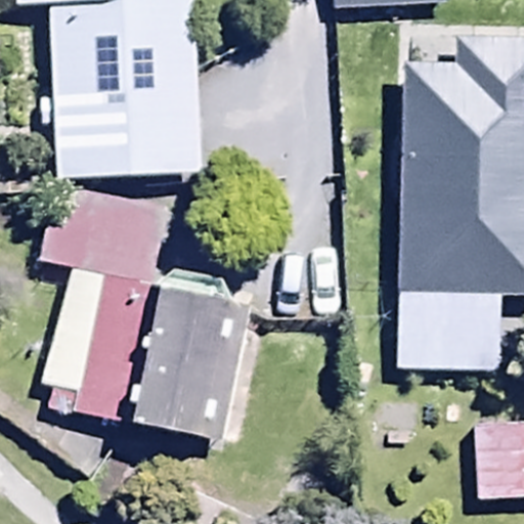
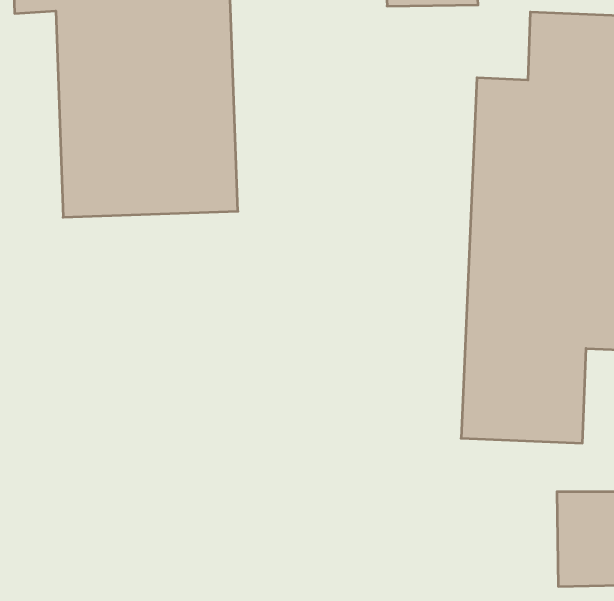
building: [40,188,168,421] -> none
building: [131,270,250,445] -> none

